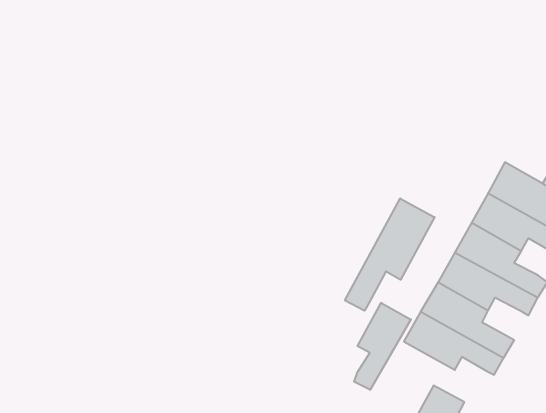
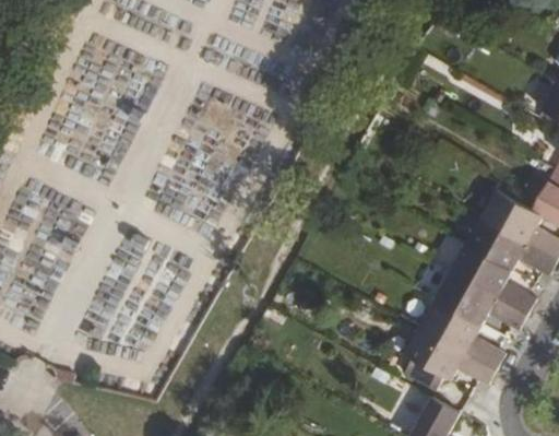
building: [345,198,435,311] -> none
building: [354,303,411,390] -> none

